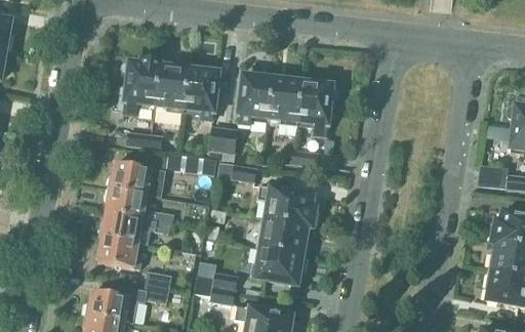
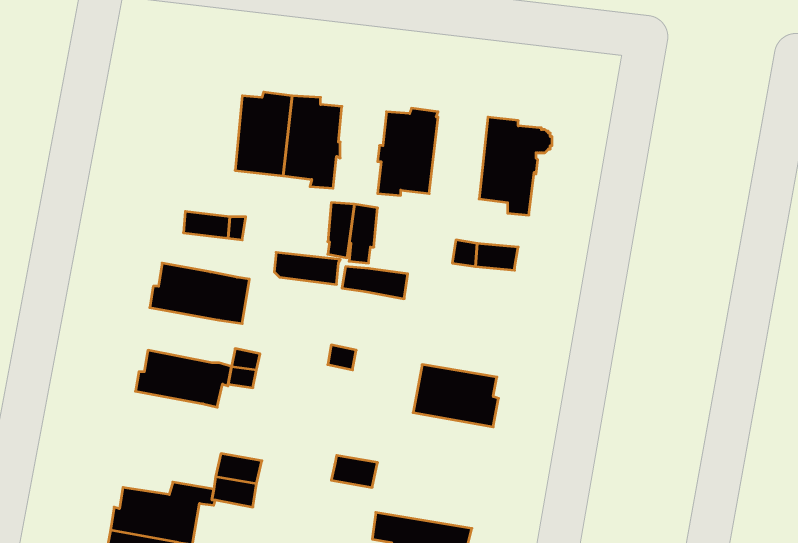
building: [121,58,161,114] -> none
building: [268,76,301,133] -> none
building: [255,186,315,227] -> none
building: [105,188,149,219] -> none
building: [96,236,142,268] -> none
building: [249,248,305,286] -> none
building: [193,275,235,304] -> none

